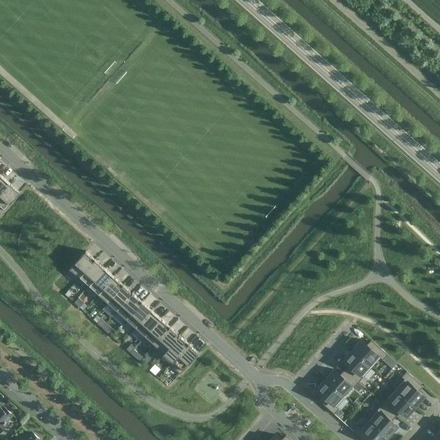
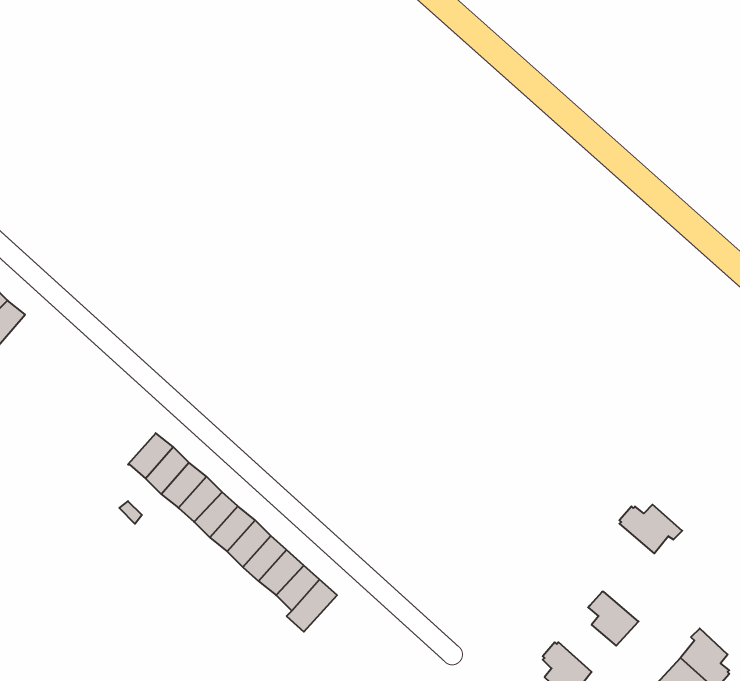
building: [64,252,93,283] -> none
building: [350,341,386,369] -> [619,505,682,553]
building: [324,371,357,398] -> none

